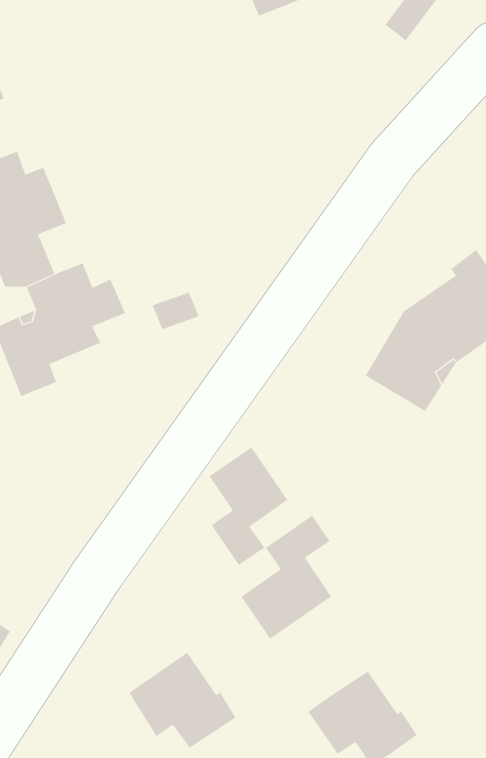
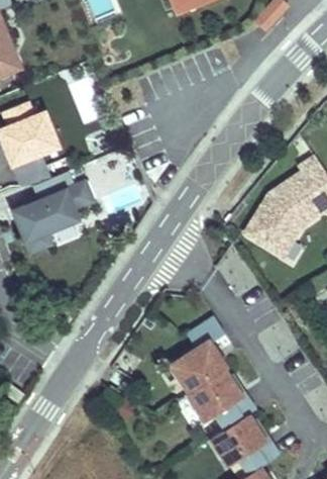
building: [209,447,289,566] -> none
building: [128,652,237,749] -> [186,372,252,432]

